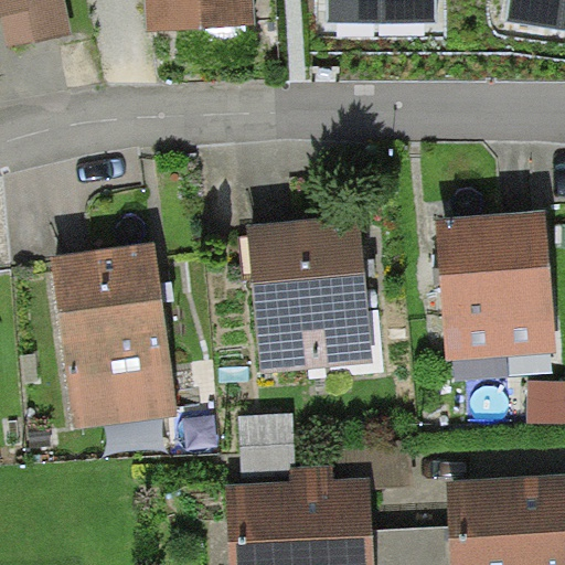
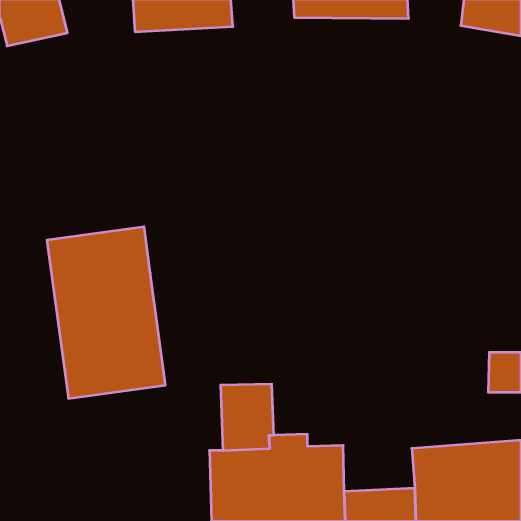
building: [436,215,556,362] -> none
building: [246,217,370,372] -> none

